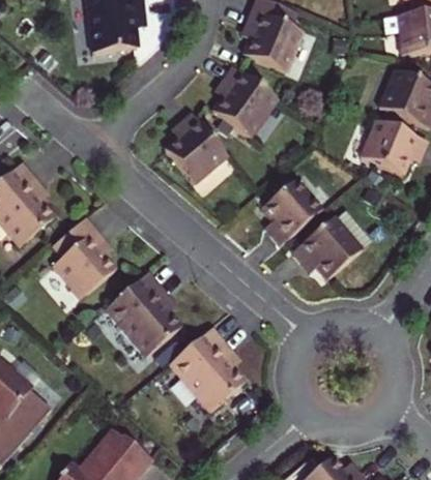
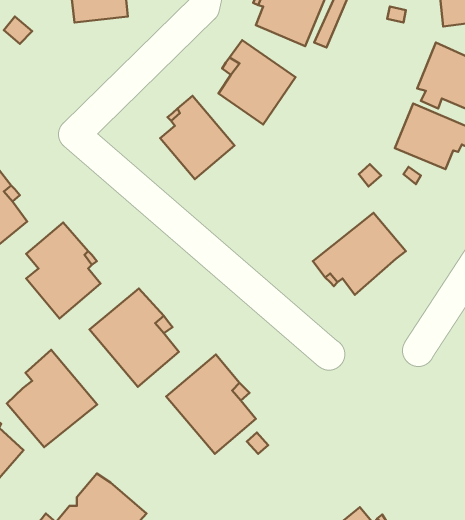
building: [260,179,320,245] -> none
building: none -> [7,350,97,447]

